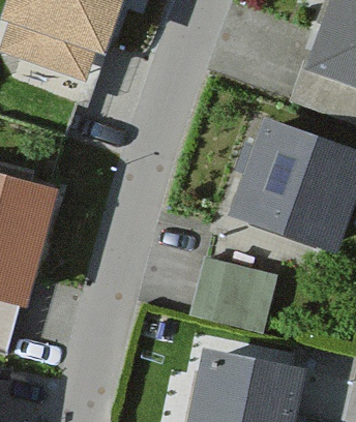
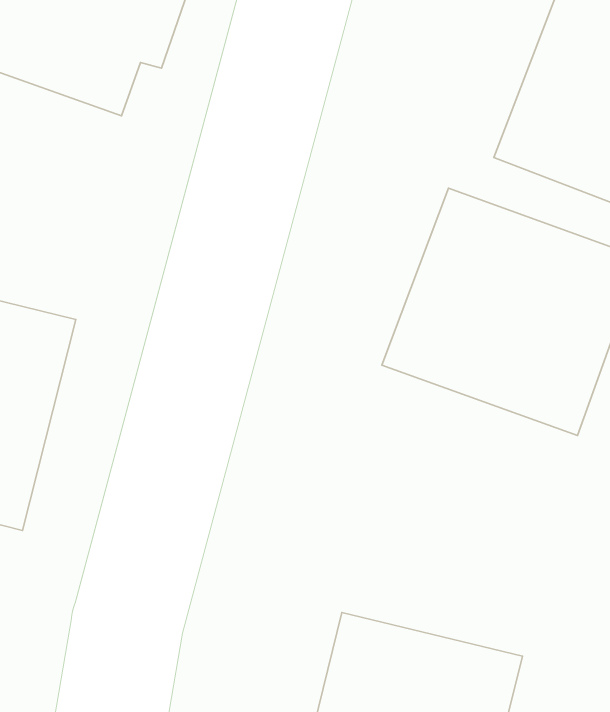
building: [188,262,270,334] -> none

